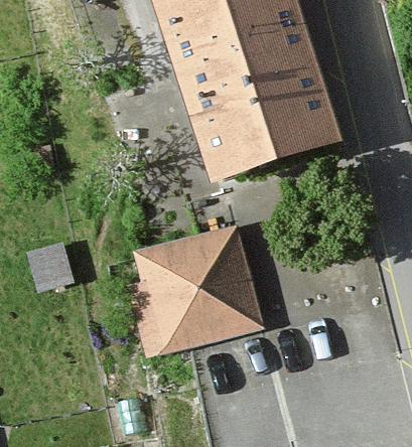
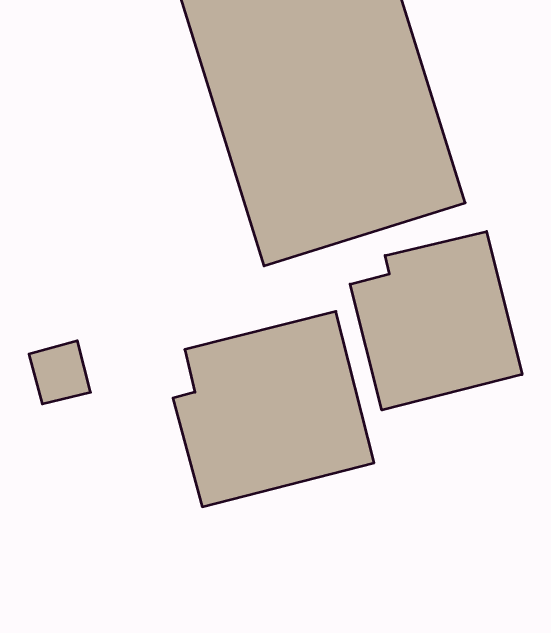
building: none -> [350,231,522,410]

